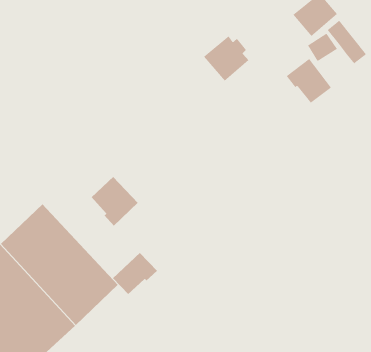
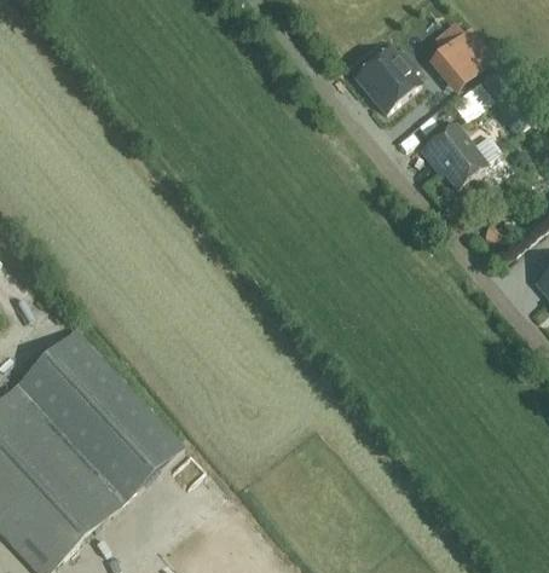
building: [203,35,249,82] -> [354,47,420,112]
building: [91,176,138,226] -> none
building: [112,252,158,295] -> none

